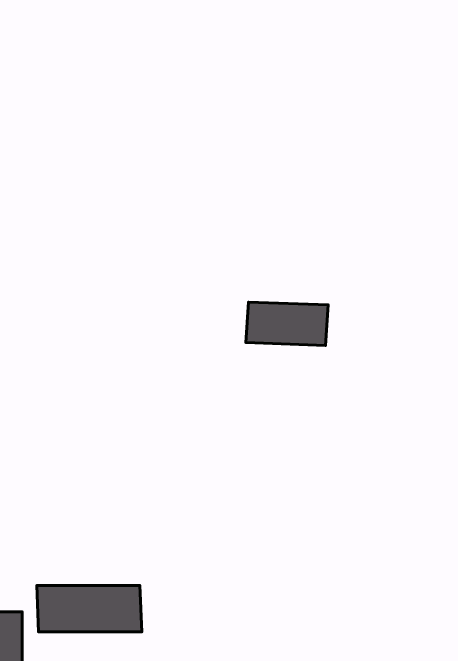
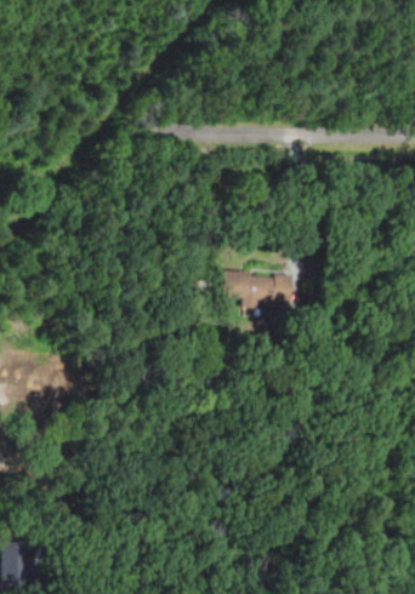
building: [37,585,142,632] -> none

